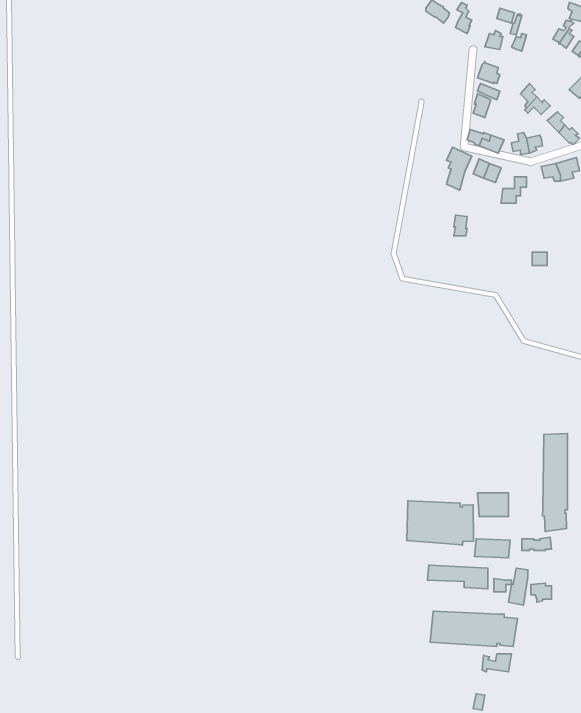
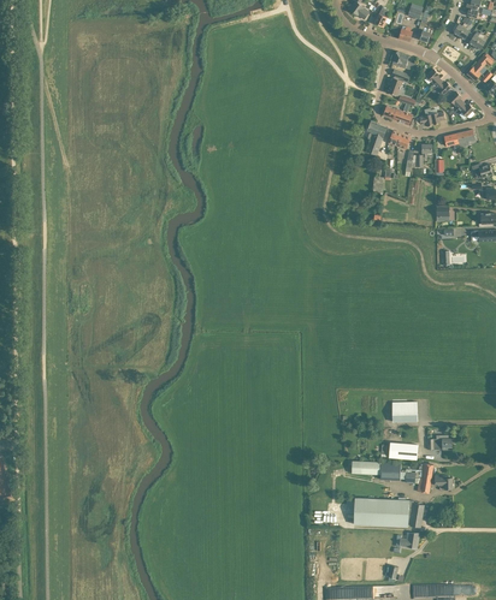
building: [542,433,567,531] -> none
building: [407,501,473,545] -> none

